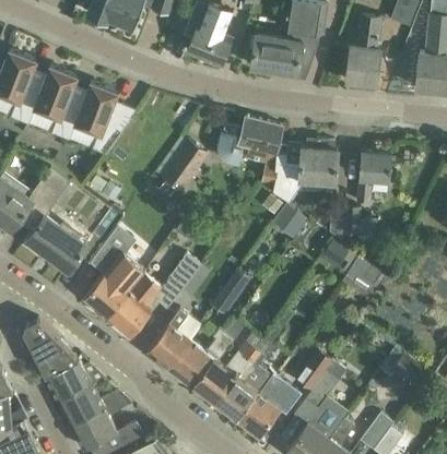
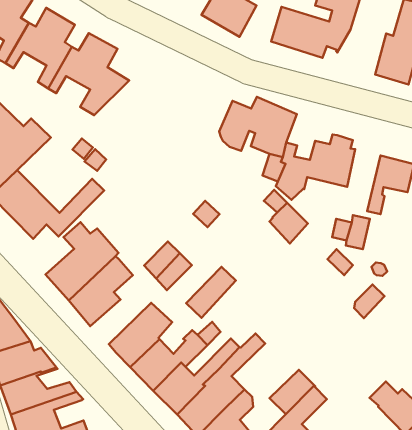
building: [157,141,209,202] -> none

